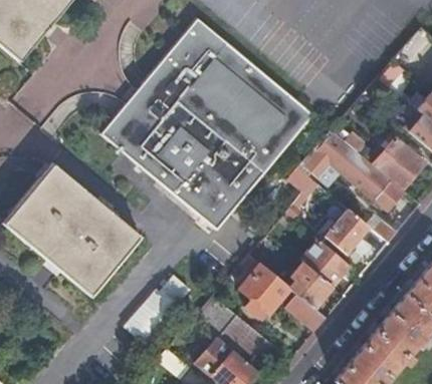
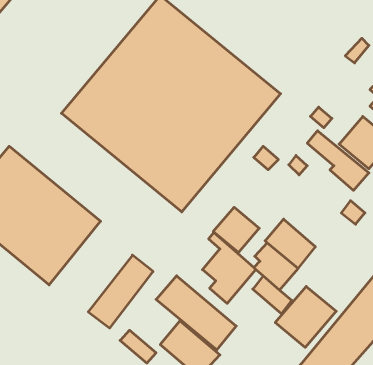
building: [304,131,353,175] -> none
building: [325,209,366,252] -> none
building: none -> [213,207,259,252]
building: none -> [275,286,336,347]

